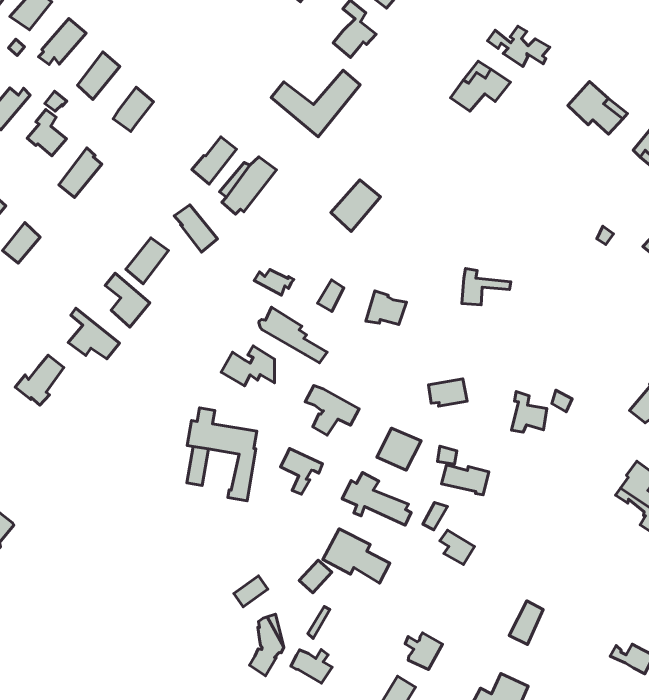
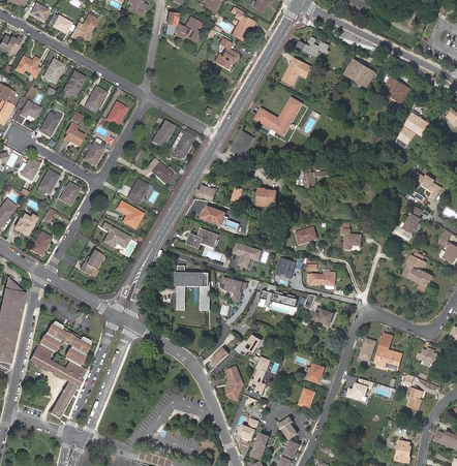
building: [271,70,360,137] -> [255,98,301,135]
building: [323,529,390,583] -> none
building: none -> [374,333,402,370]

